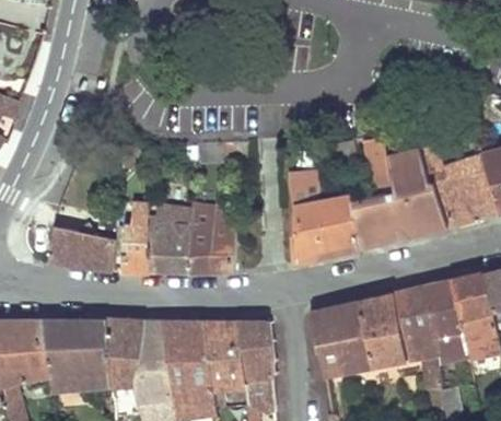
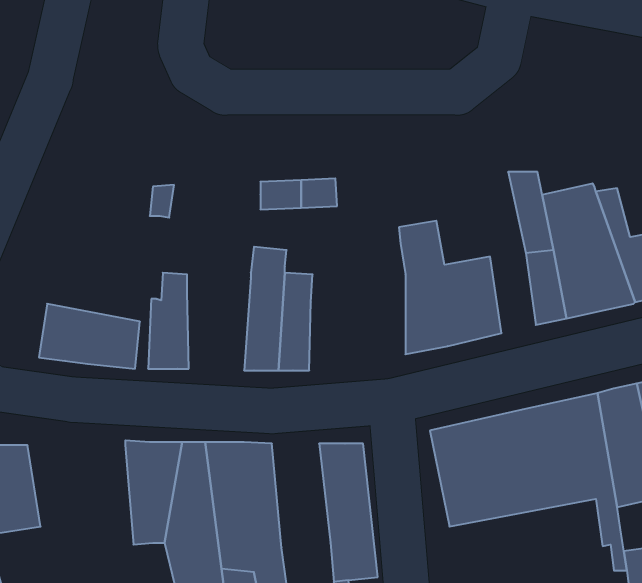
building: [350,195,381,248] -> none
building: [147,209,189,273] -> none
building: [203,323,243,393] -> none
building: [39,324,112,398] -> none

